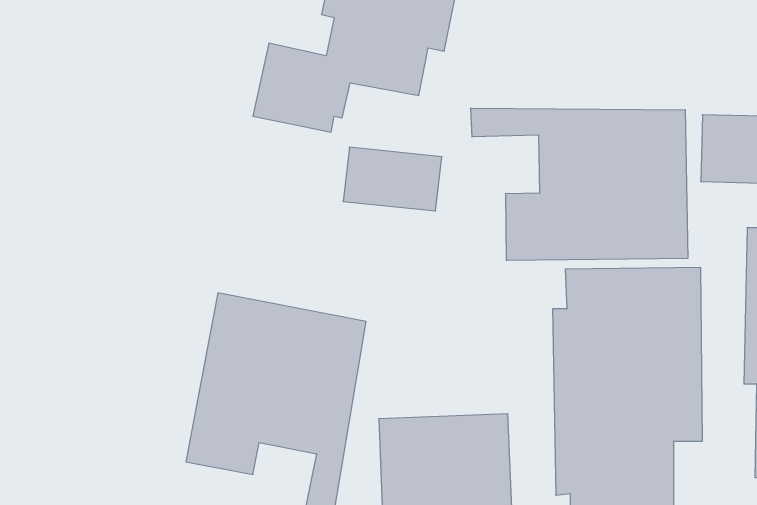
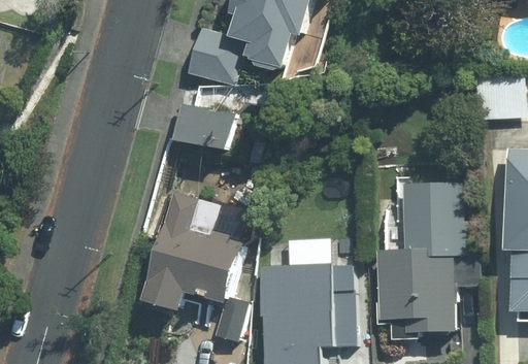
building: [471,108,688,261] -> none
building: [343,147,442,211] -> [173,105,237,146]

